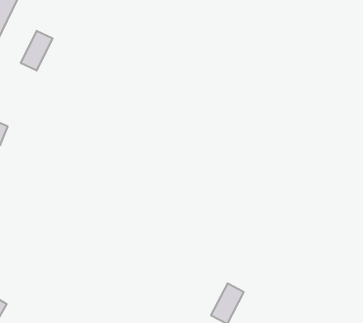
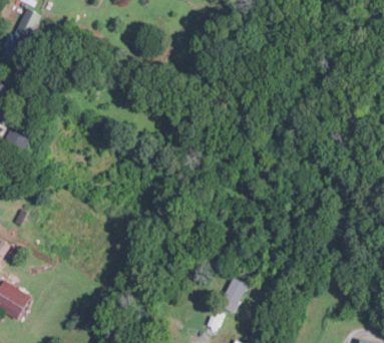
building: [21,31,52,71] -> none

